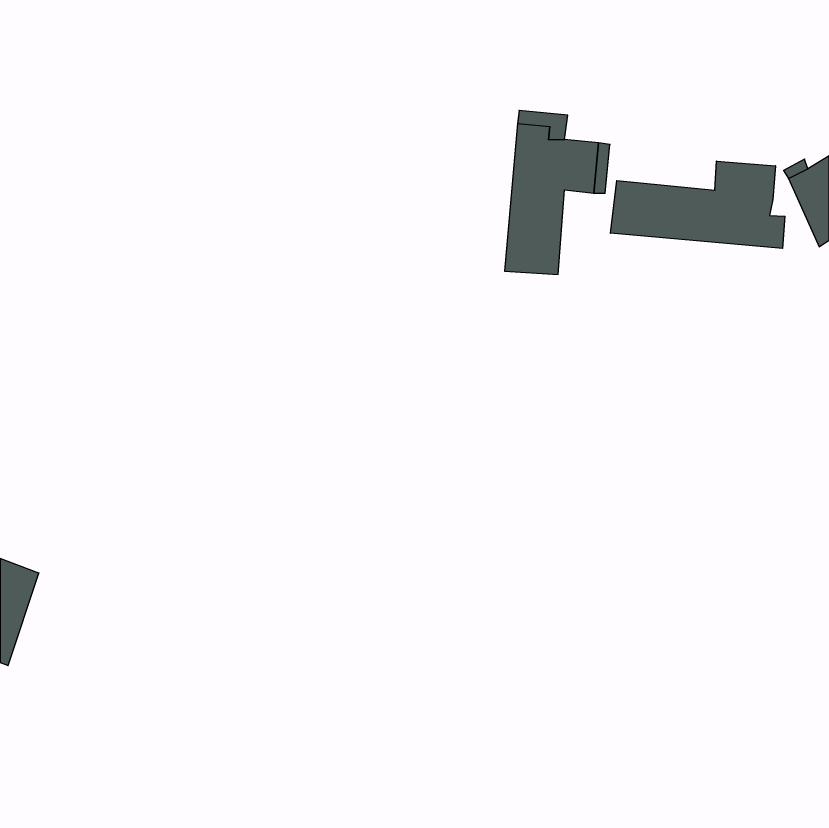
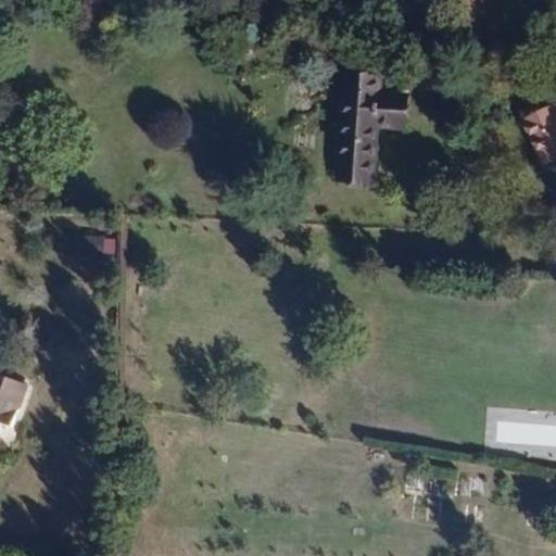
building: [610,161,785,248] -> none

